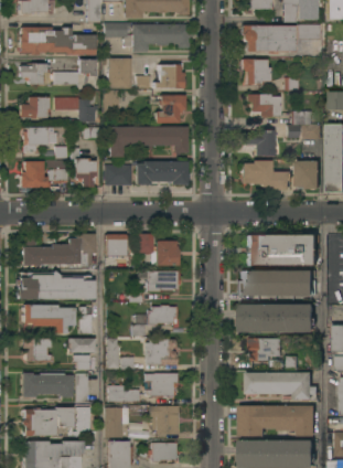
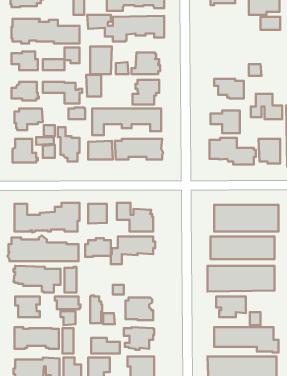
building: [240,24,294,53] -> none
building: [242,58,269,84] -> none
building: [148,304,176,325] -> [85,238,111,257]

